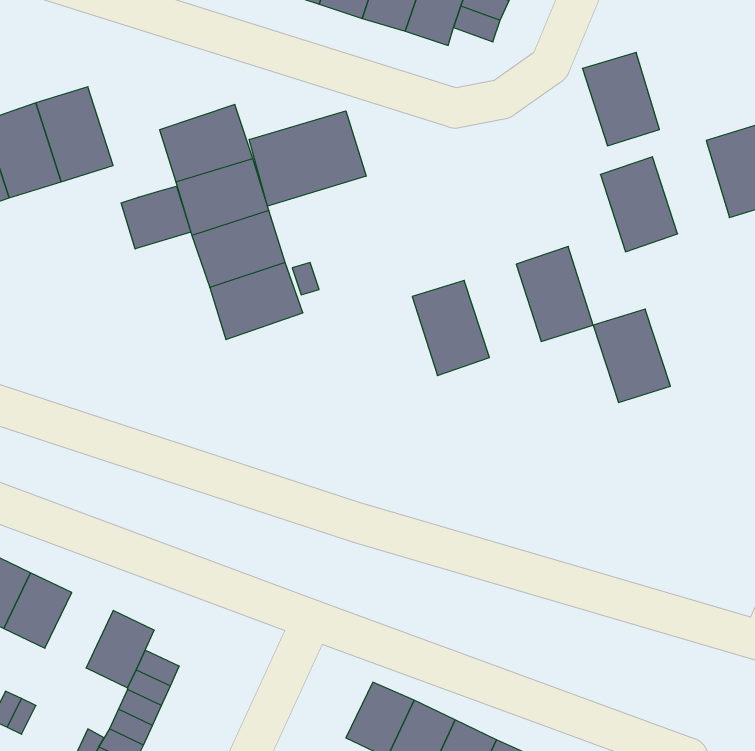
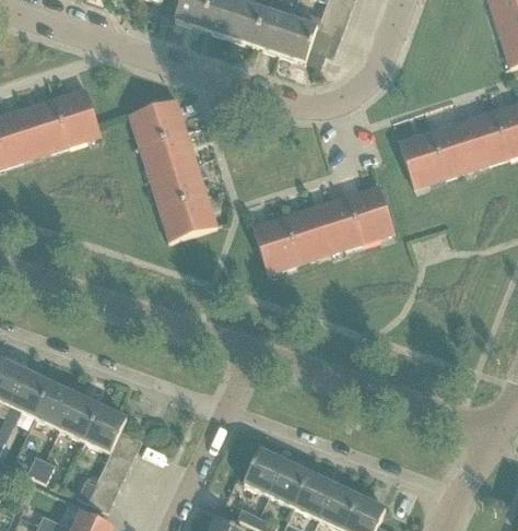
building: [582,52,659,146] -> [429,119,476,176]
building: [249,111,366,206] -> none
building: [121,186,191,249] -> none
building: none -> [251,214,298,272]
building: [593,309,670,402] -> [315,194,362,251]
building: none -> [59,394,101,440]

